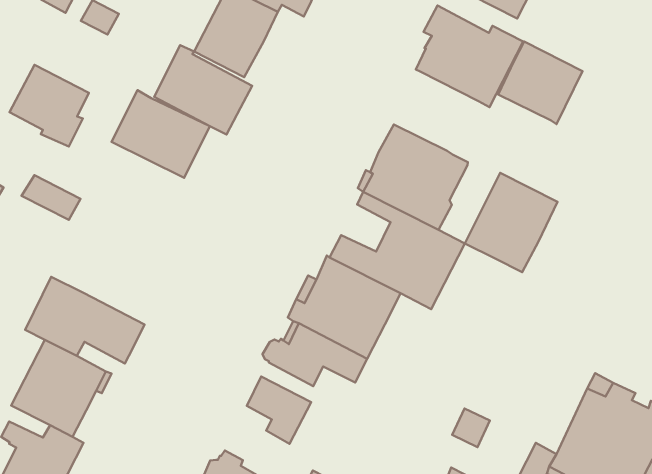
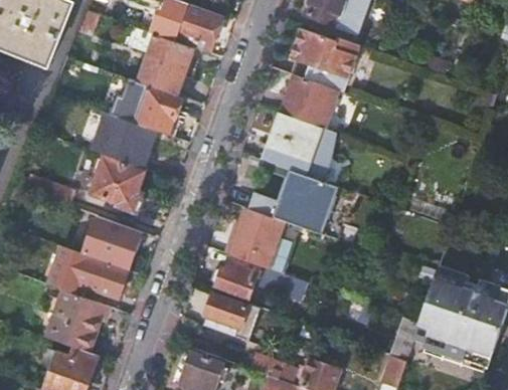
building: [498,41,583,124] -> [281,75,336,129]
building: [9,65,89,147] -> [92,159,144,211]
building: [465,173,557,272] -> none
building: none -> [84,217,140,270]

